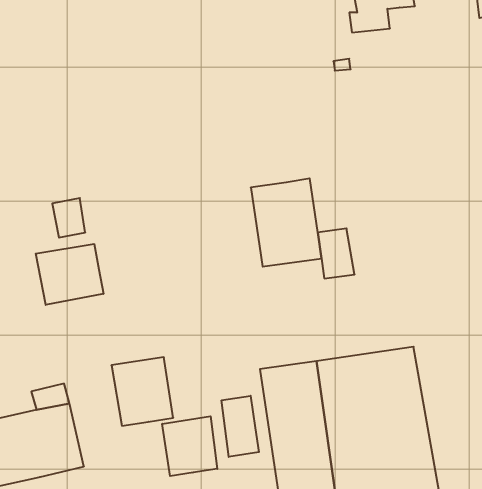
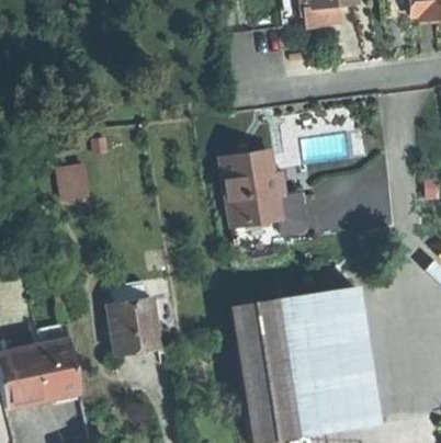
building: [36,244,103,305] -> none
building: [222,396,259,457] -> none
building: [162,416,217,476] -> none

